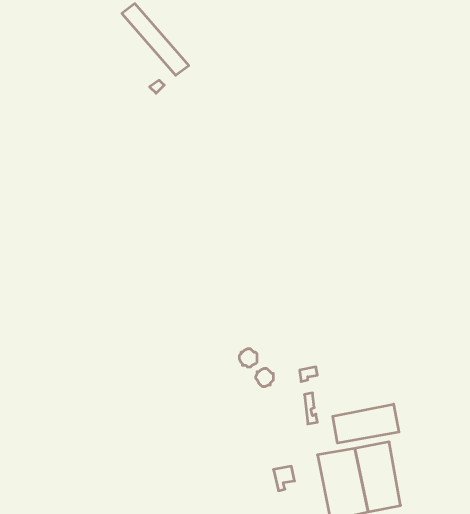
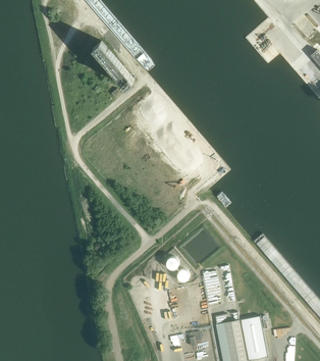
building: [333,404,399,443] -> none

